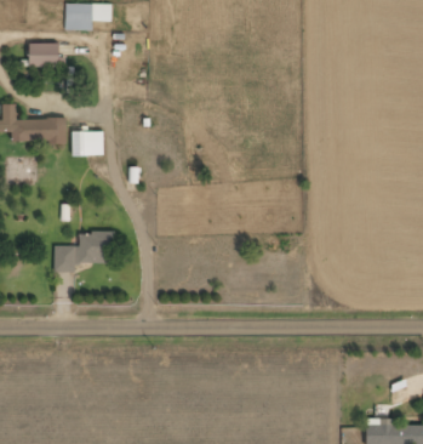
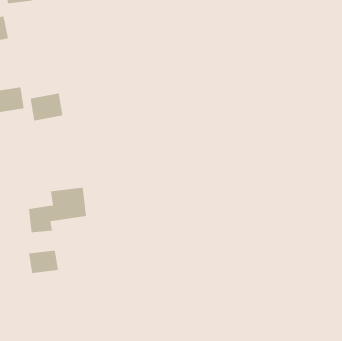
building: none -> [29,250,58,274]

